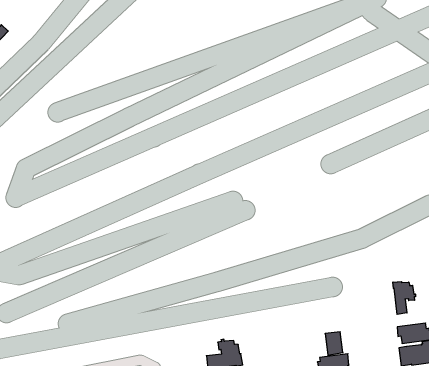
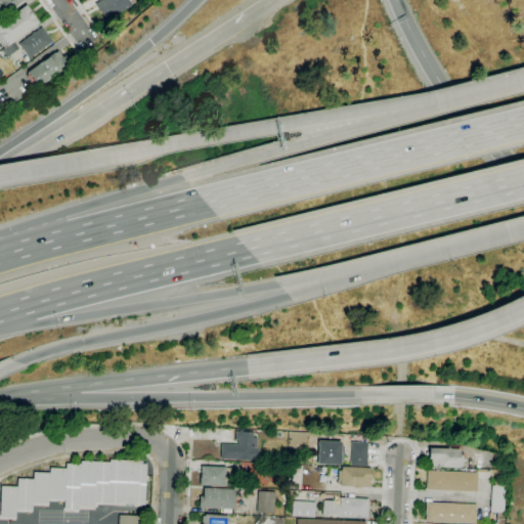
building: [393,282,416,314] -> none
building: none -> [318,441,342,465]

